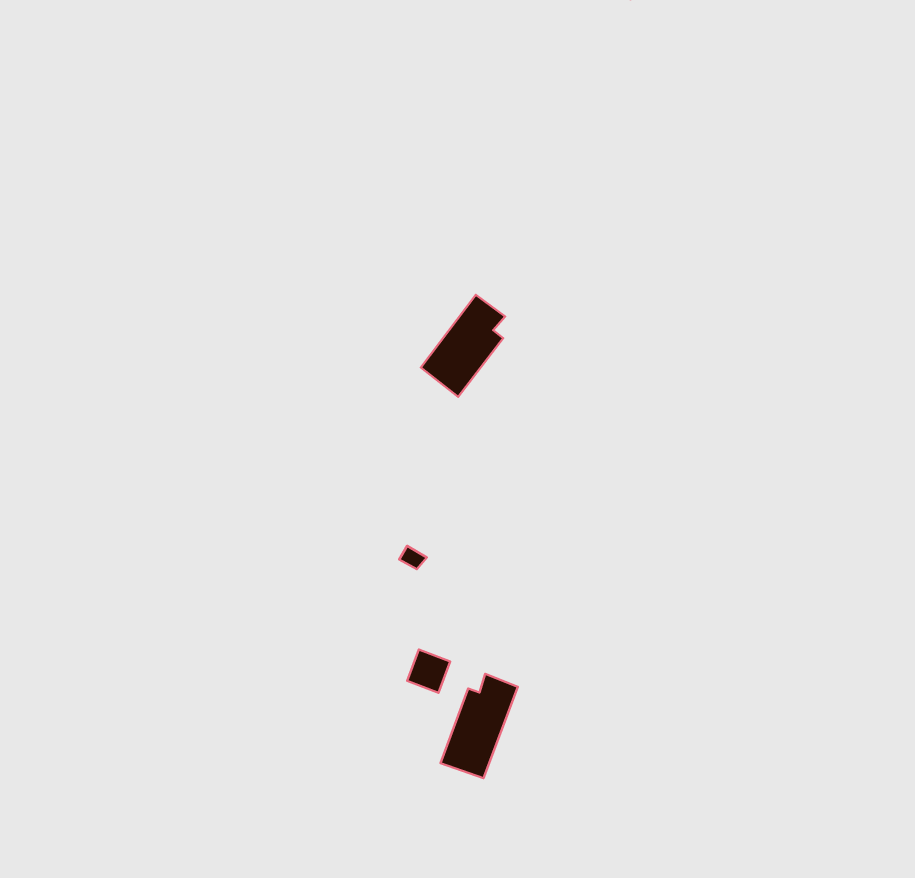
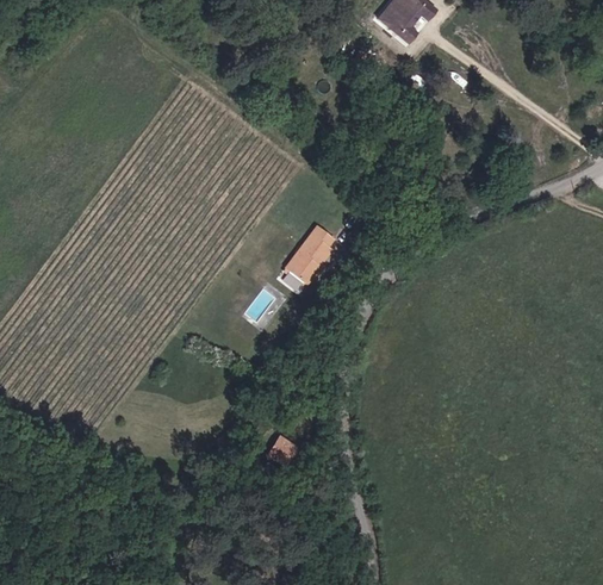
building: [440,674,518,778] -> none

